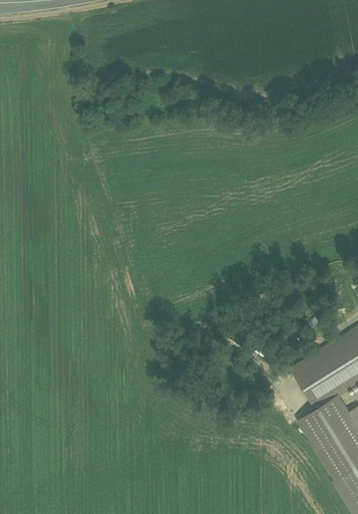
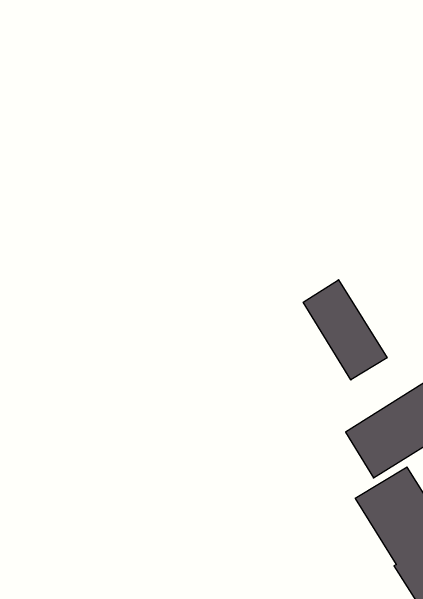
building: none -> [303,280,387,380]

